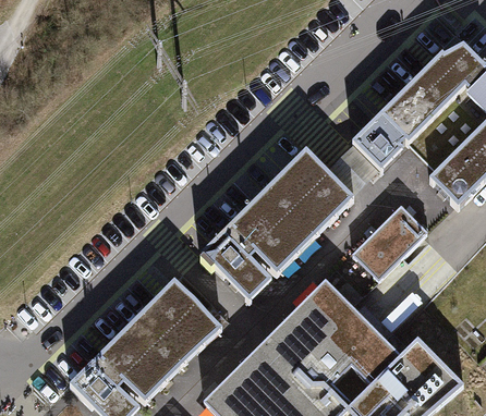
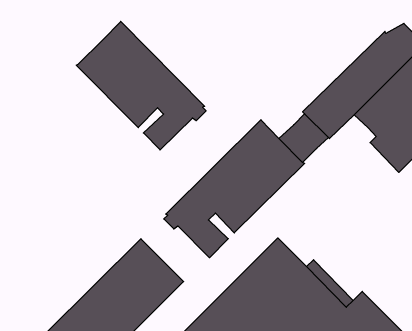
building: none -> [76,21,206,150]
building: [351,205,426,280] -> none

